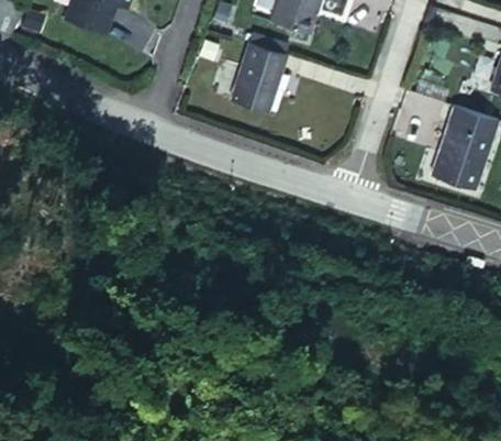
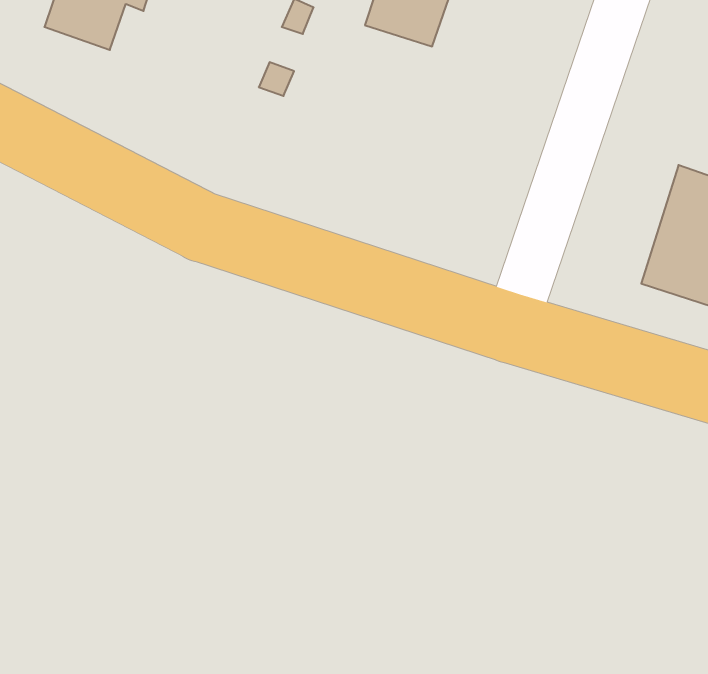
building: [230,40,289,112] -> none

